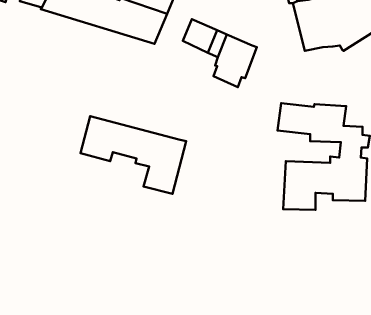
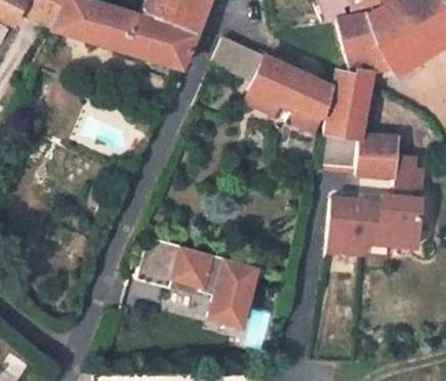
building: none -> [325,70,372,138]
building: none -> [283,71,330,132]
building: [80,116,186,194] -> [136,239,256,327]

